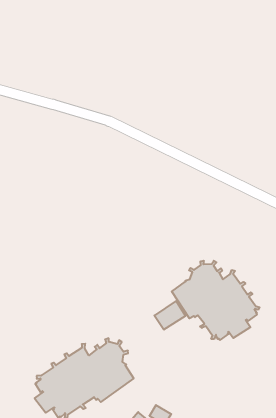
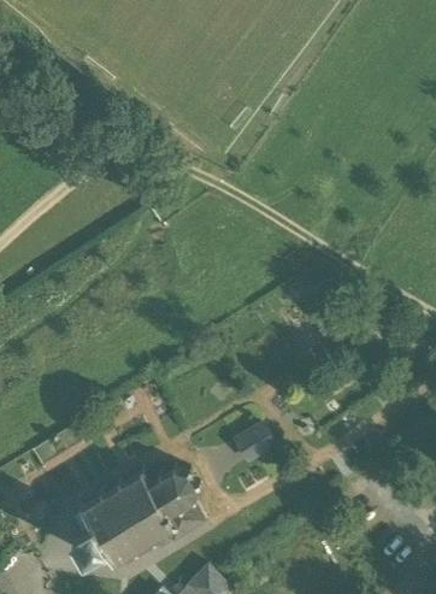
building: [172,261,260,340] -> none

